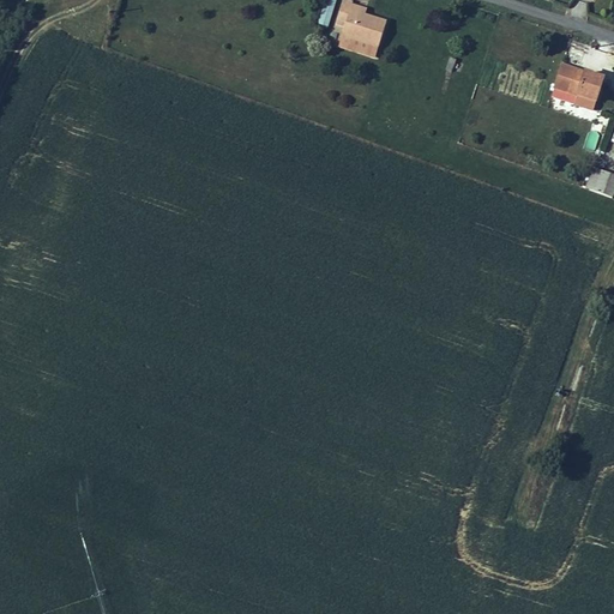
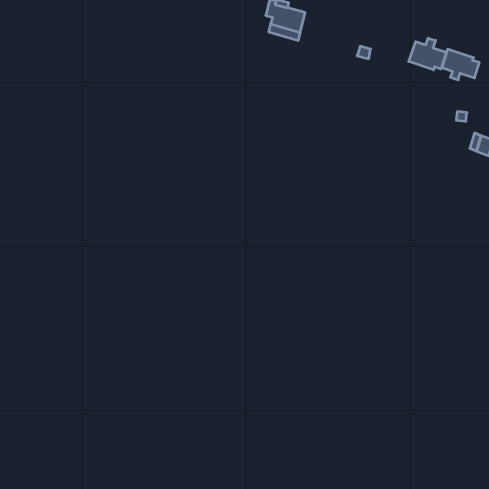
building: none -> [409,38,447,70]

